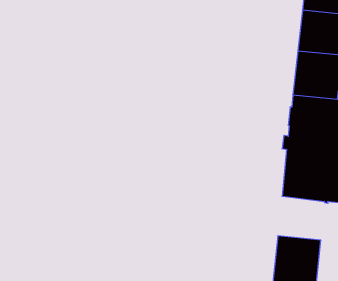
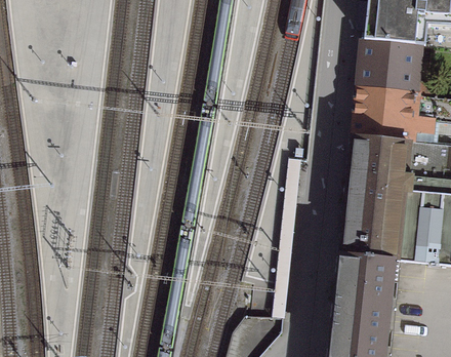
building: none -> [335,255,390,307]

